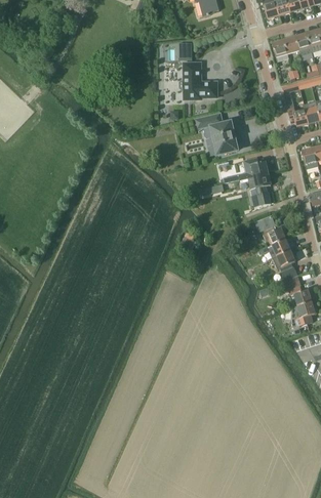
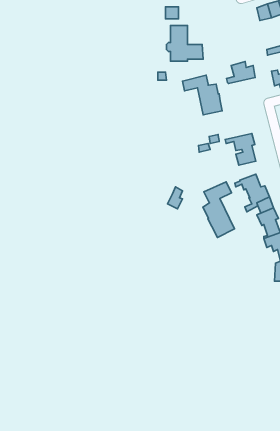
building: [237,157,267,179] -> [226,62,255,83]
building: none -> [203,182,234,237]

